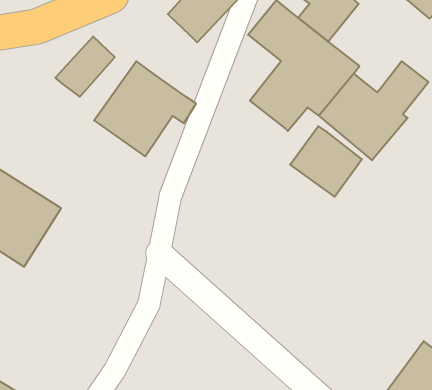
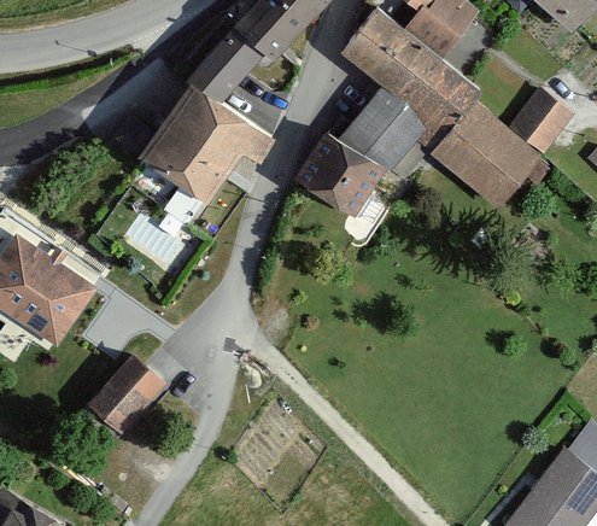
building: [55,36,115,97] -> [188,24,264,101]
building: [290,126,362,197] -> [294,128,386,218]
building: none -> [82,352,170,440]

